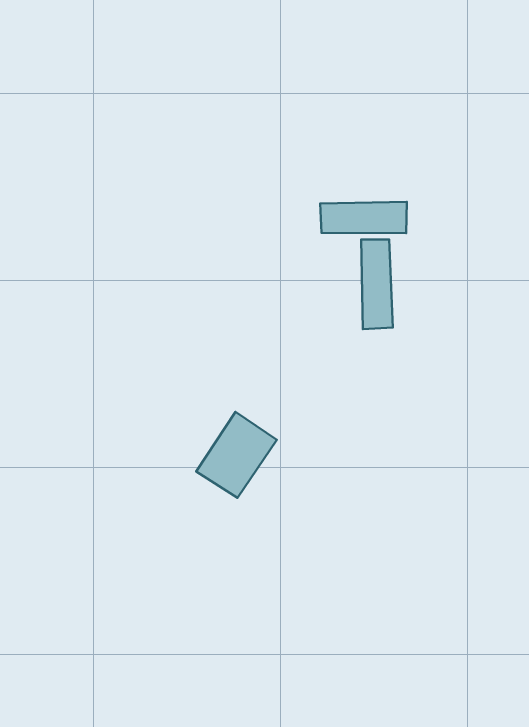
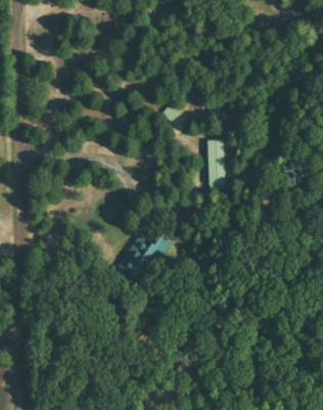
building: [320,202,407,233] -> none

